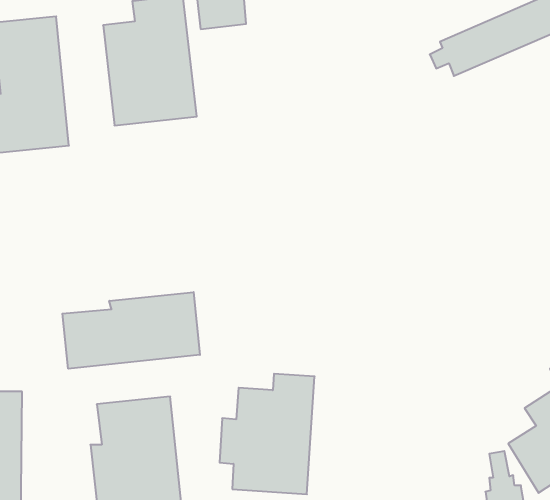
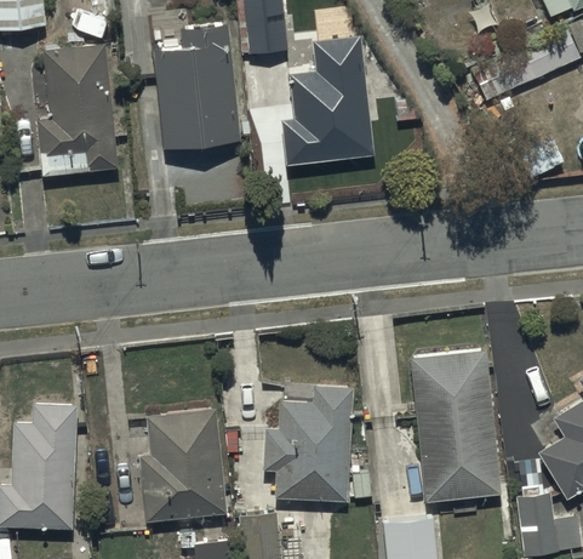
building: none -> [281,35,372,164]
building: [62,292,200,369] -> none
building: none -> [396,349,499,501]

